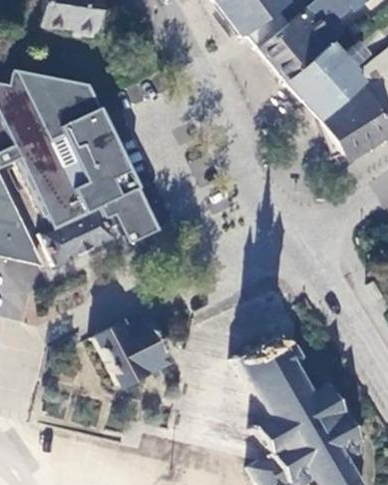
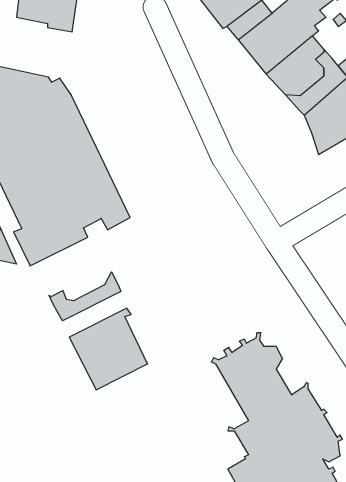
building: none -> [49,272,121,321]

